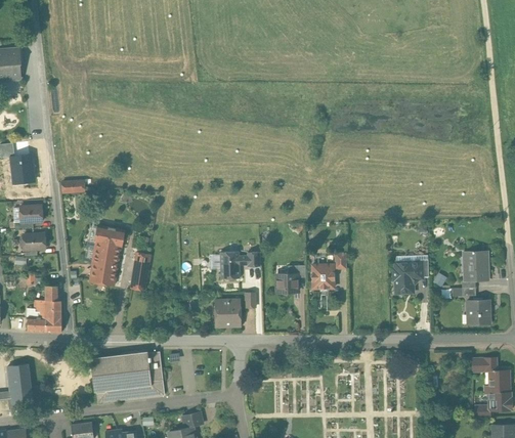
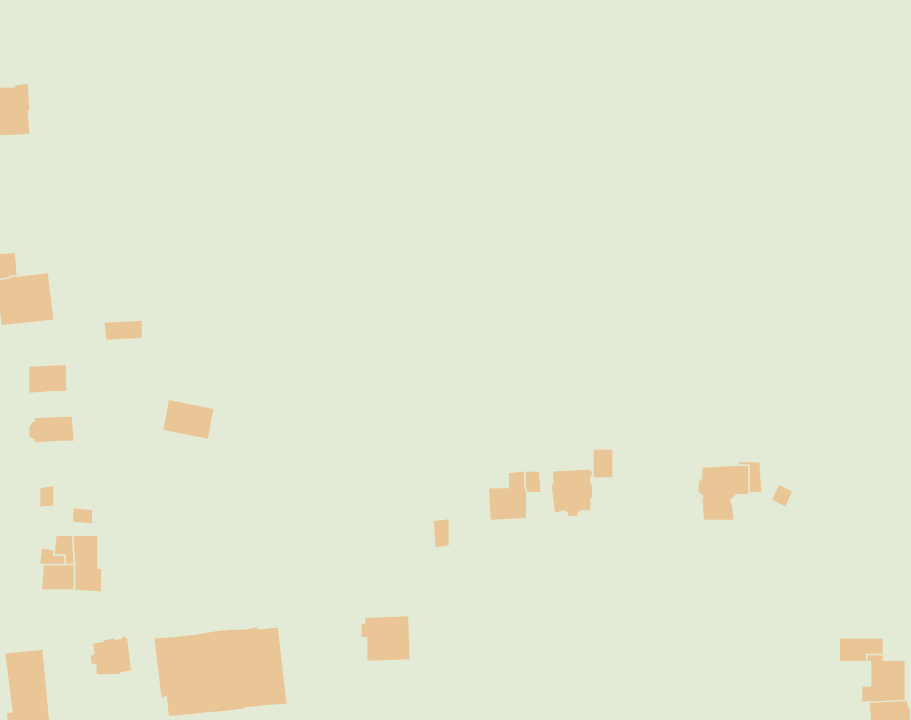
building: [89,243,121,286] -> none
building: [220,251,260,279] -> none
building: [463,252,488,280] -> none
building: [131,253,151,291] -> none
building: [213,300,241,325] -> [361,616,411,662]
building: [467,301,490,323] -> none
building: none -> [89,636,132,675]

